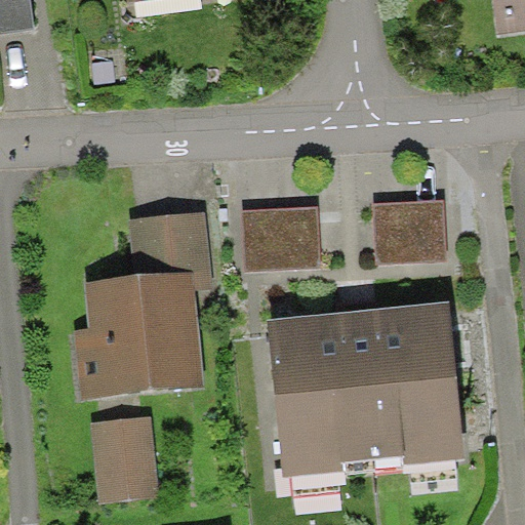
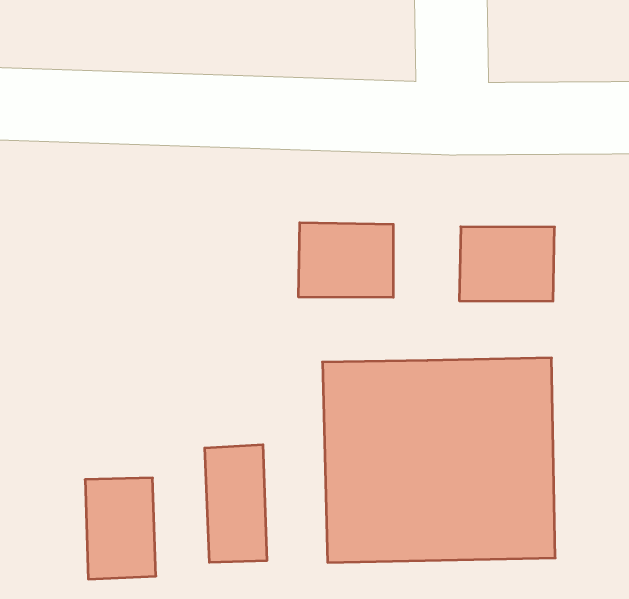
building: [75,212,209,395] -> none
building: none -> [205,445,267,562]

